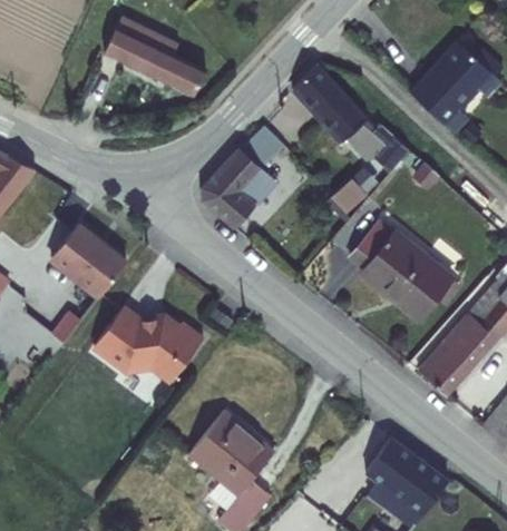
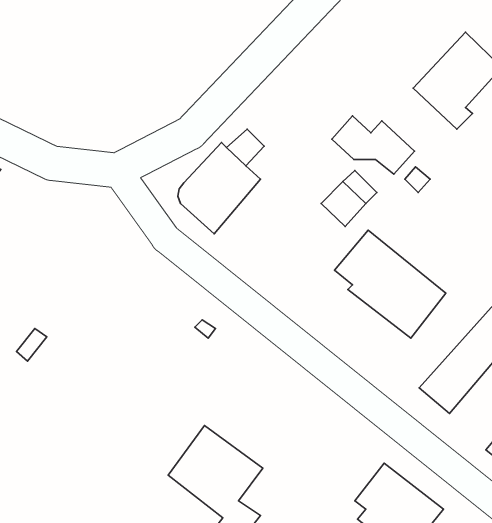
building: [105,20,207,97] -> none
building: [287,66,364,145] -> none
building: [49,226,127,299] -> none
building: [92,307,202,381] -> none

